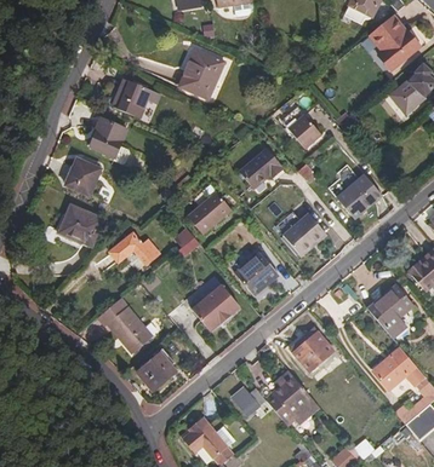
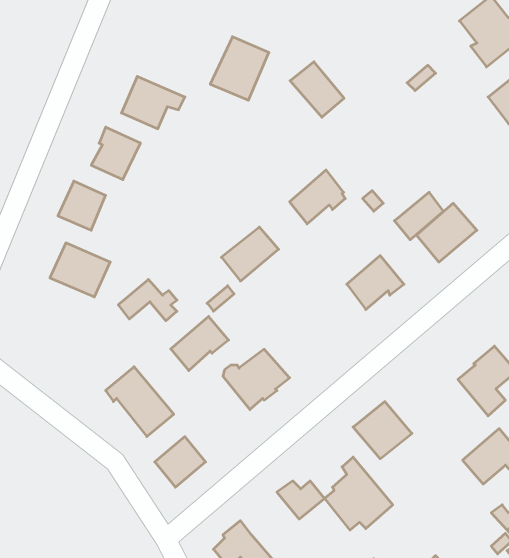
building: [280,105,321,148] -> [290,62,344,117]
building: [234,253,276,295] -> none
building: none -> [171,316,229,371]

